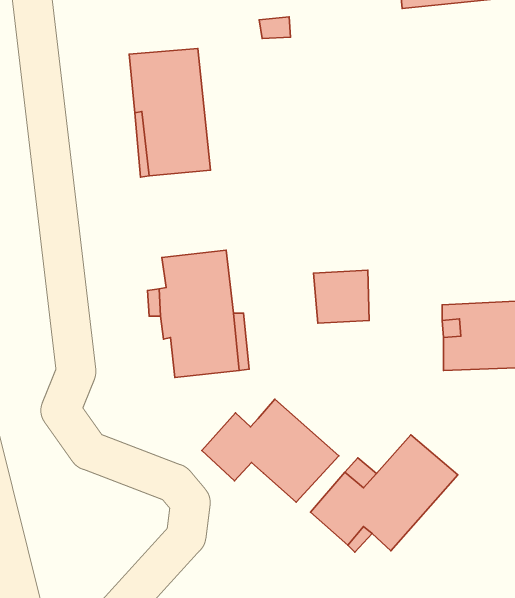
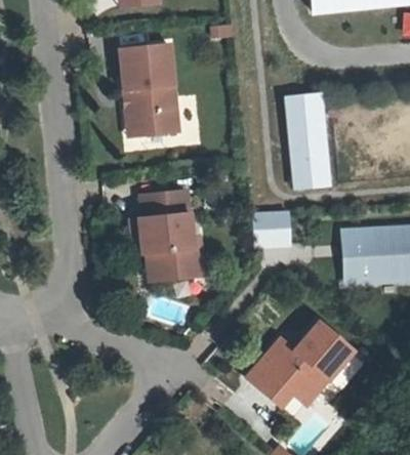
building: none -> [286,91,331,190]
building: [202,399,339,502] -> none

